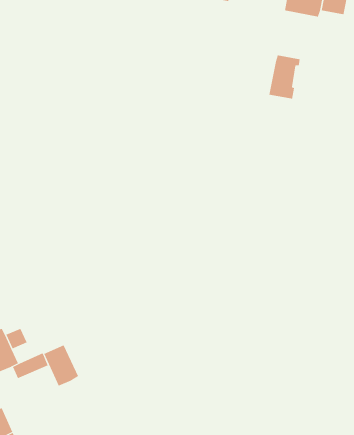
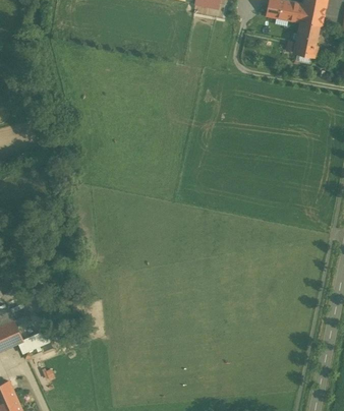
building: [268,55,300,99] -> [293,16,323,57]
building: [44,344,79,387] -> none

